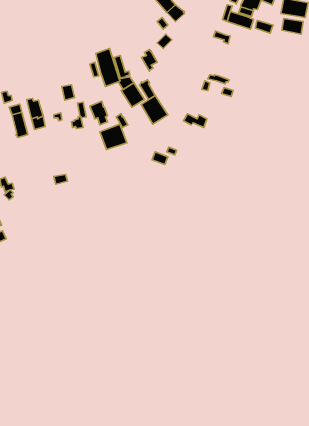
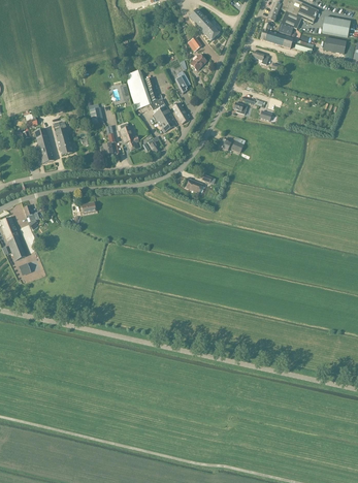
building: [141,96,168,124] -> none
building: [100,124,127,149] -> none

